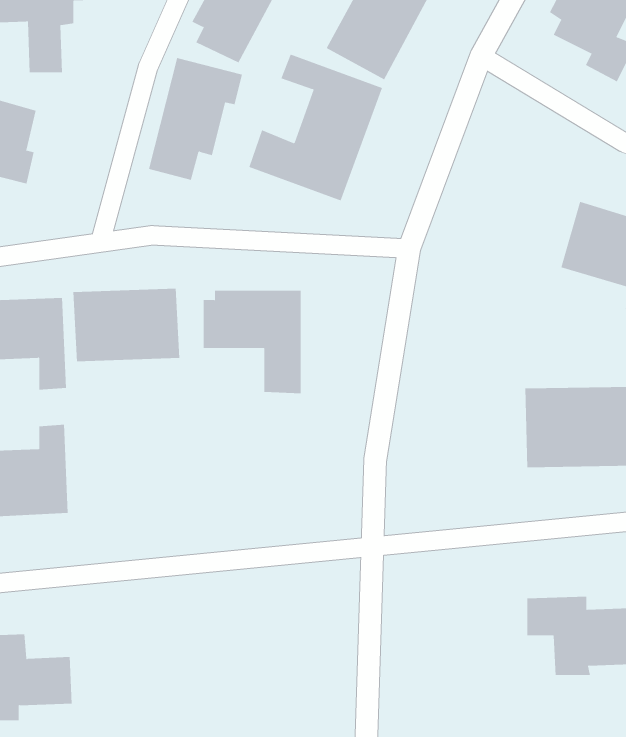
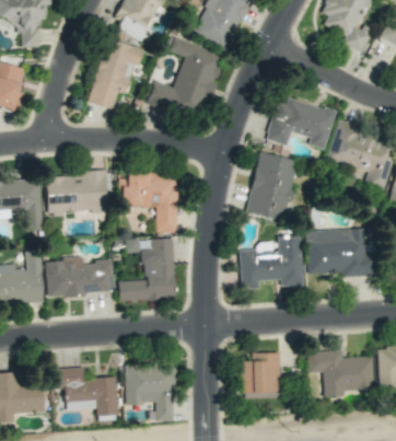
building: none -> [267,98,336,150]
building: none -> [246,152,298,221]
building: none -> [240,235,303,289]
building: none -> [118,239,175,301]
building: none -> [45,258,114,295]
building: none -> [241,352,279,393]
building: none -> [125,364,175,421]
building: none -> [57,368,118,415]

